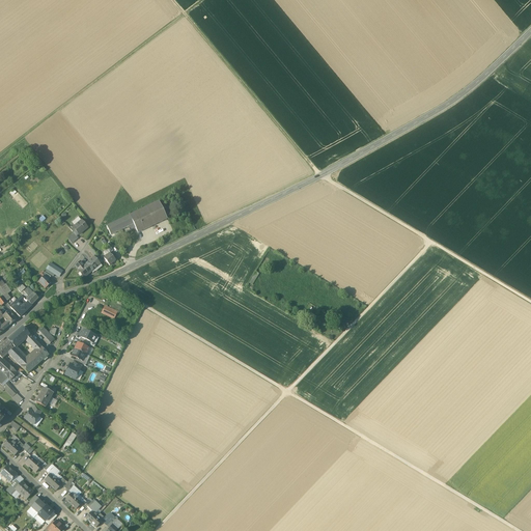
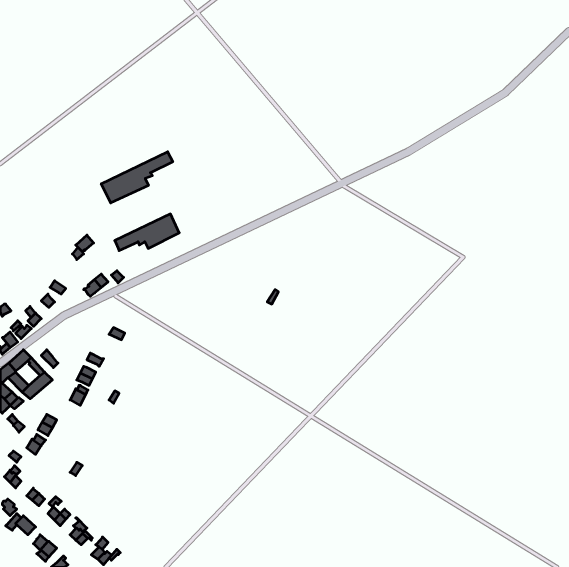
building: none -> [101,152,173,203]

